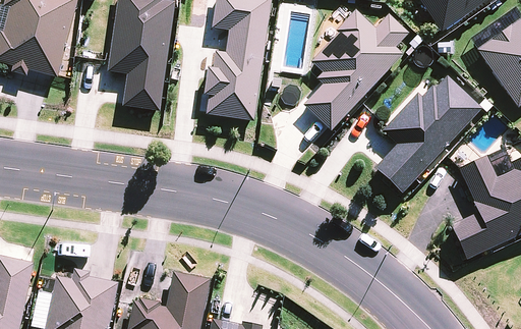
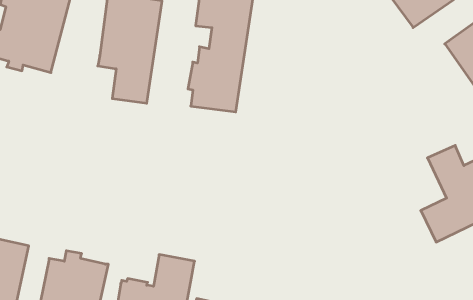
building: [302,10,408,130] -> none
building: [373,75,481,195] -> none

